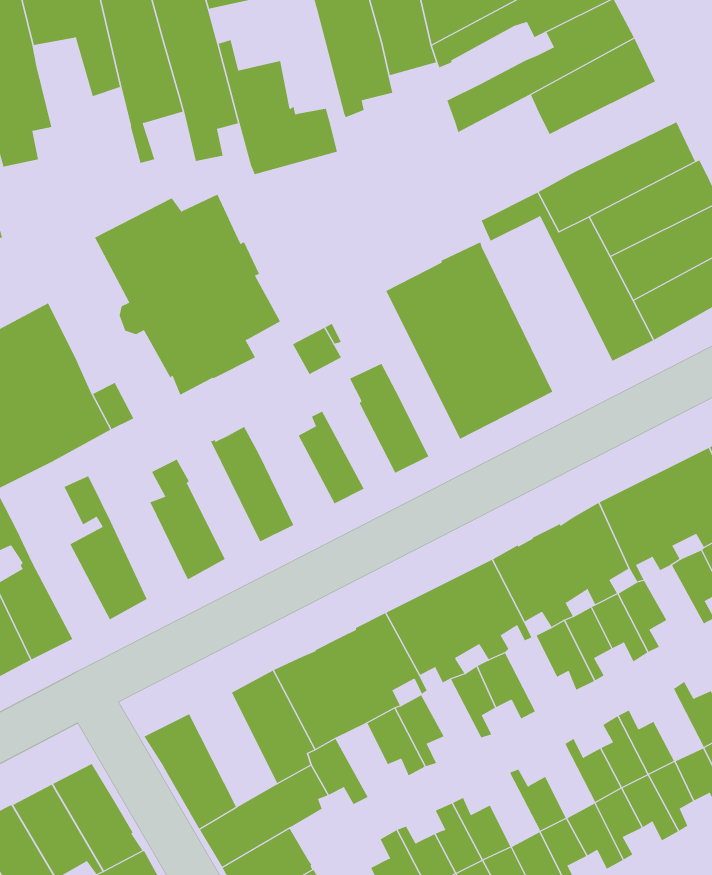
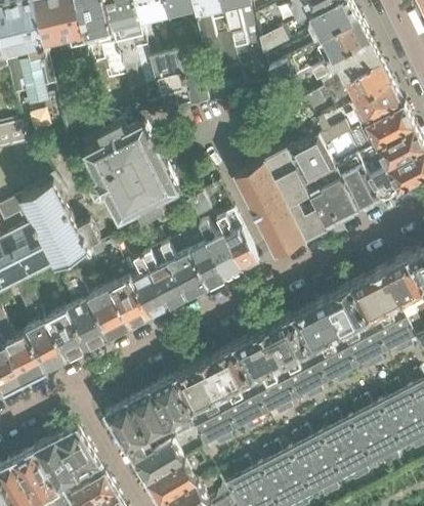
building: none -> [301,61,391,115]
building: none -> [287,134,356,228]
building: none -> [145,219,207,300]
building: none -> [198,223,240,281]
building: none -> [123,246,167,319]
building: none -> [87,288,128,340]
building: none -> [45,310,86,362]
building: none -> [374,322,406,357]
building: none -> [299,360,327,400]
building: none -> [254,383,286,420]
building: none -> [379,388,406,427]
building: none -> [129,390,176,452]
building: none -> [208,407,236,447]
building: none -> [321,418,347,458]
building: none -> [291,433,317,473]

